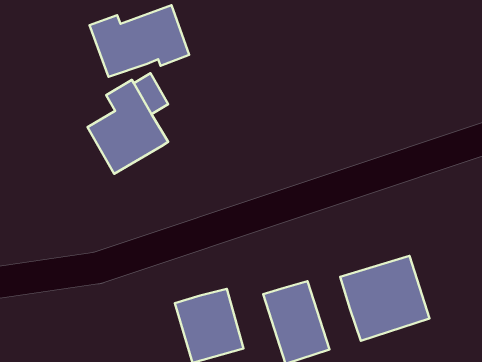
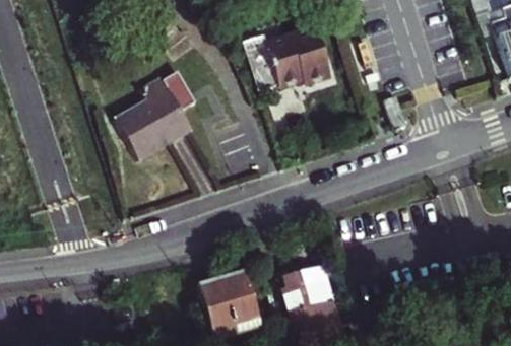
building: [90,5,189,77] -> [241,22,332,88]
building: [340,256,429,341] -> none

